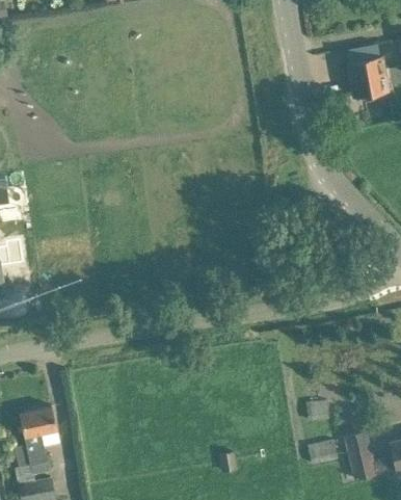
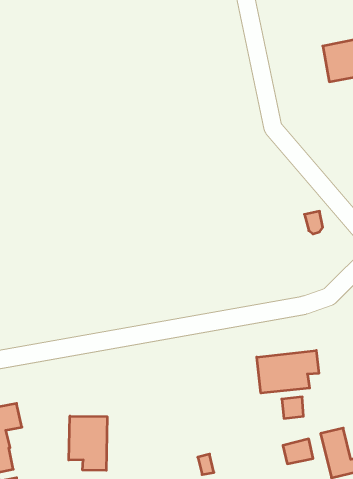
building: none -> [257,350,319,393]
building: none -> [69,416,107,470]

